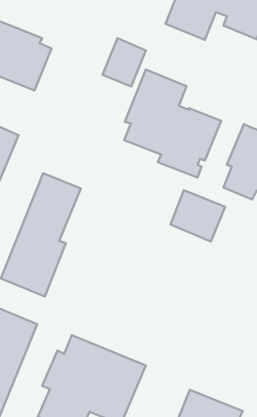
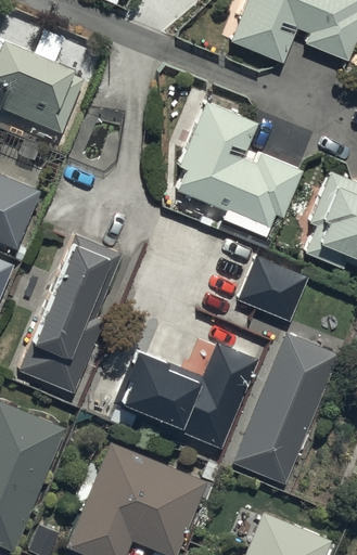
building: [102,38,146,87] -> none
building: none -> [229,333,337,486]
building: none -> [116,343,257,450]

